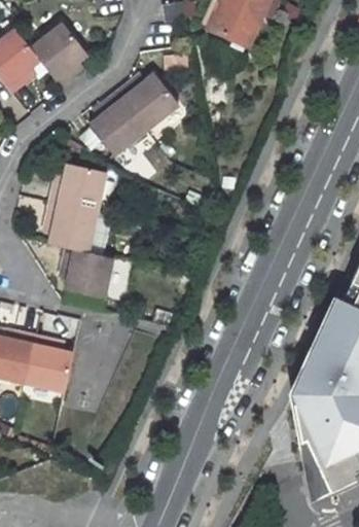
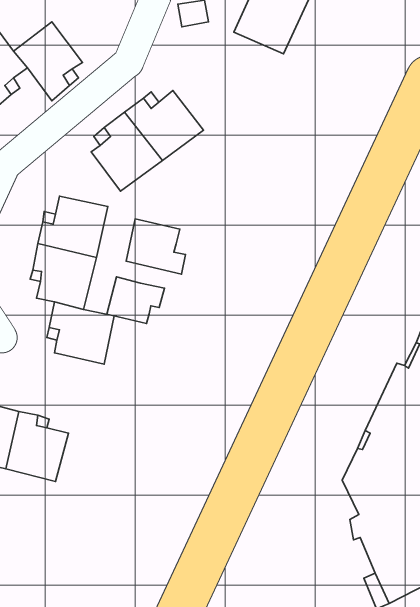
building: none -> [126,219,185,274]
building: none -> [107,277,164,324]

